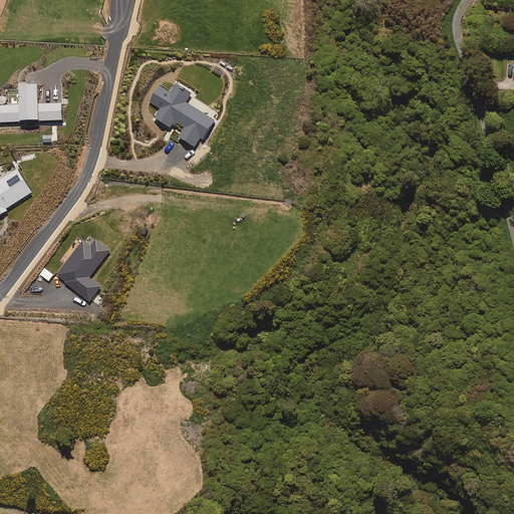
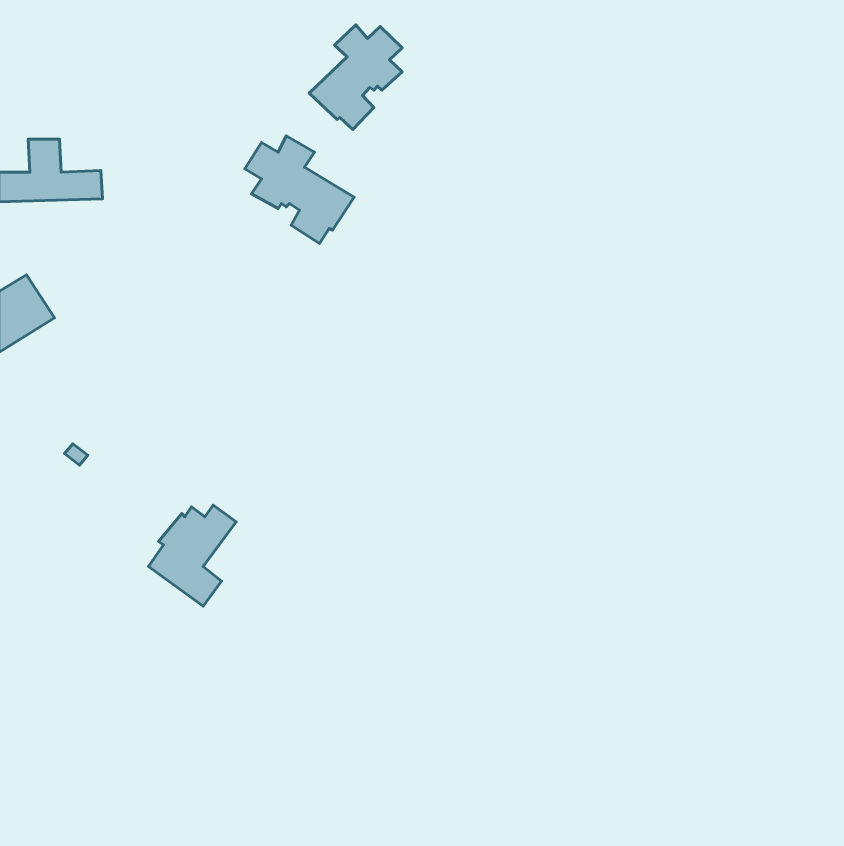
building: none -> [309,25,402,129]
building: [56,239,109,300] -> [149,505,236,606]

